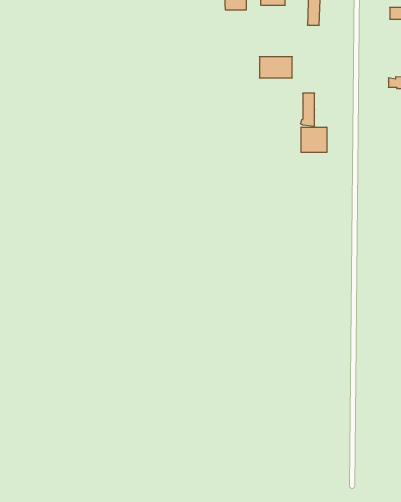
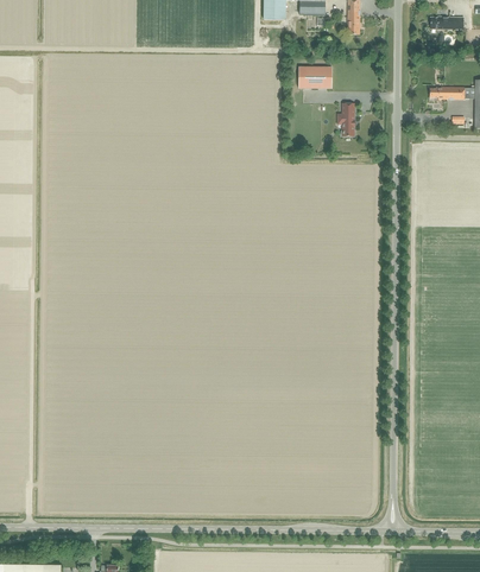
building: [301,127,327,152] -> none

